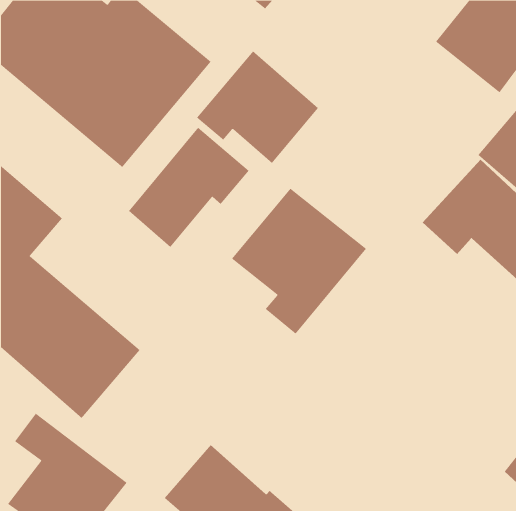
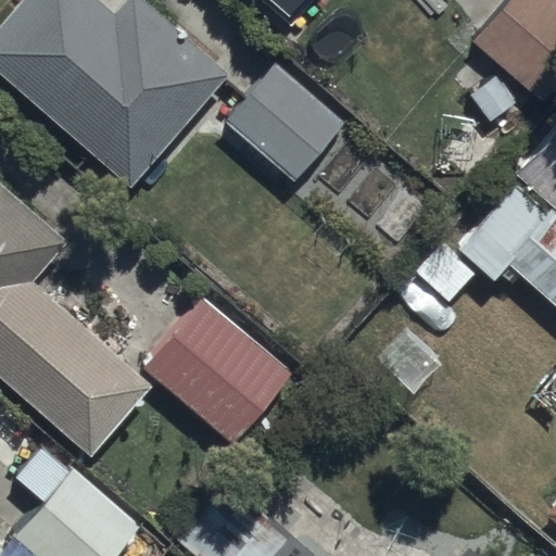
building: [128,127,250,248] -> none
building: [231,188,367,334] -> none
building: none -> [143,298,290,441]

